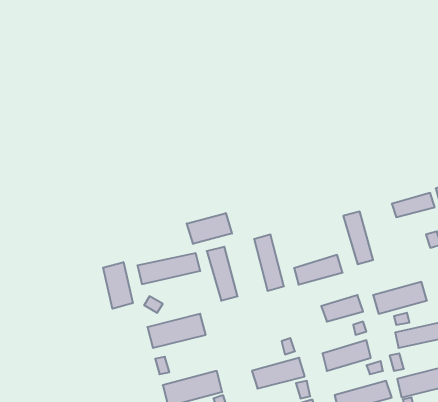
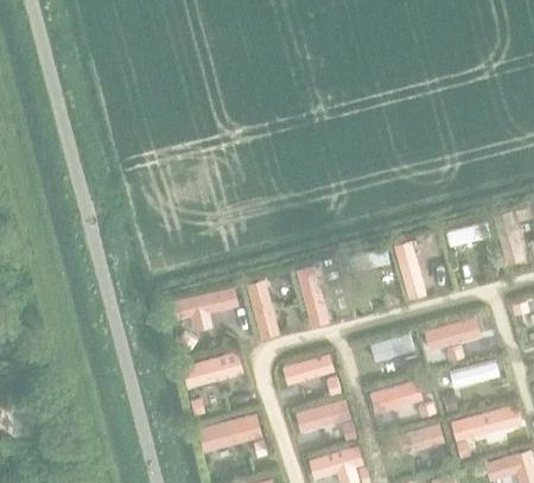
building: [187,213,232,244] -> none
building: [294,255,343,285] -> [282,352,335,385]
building: [103,262,133,309] -> none

